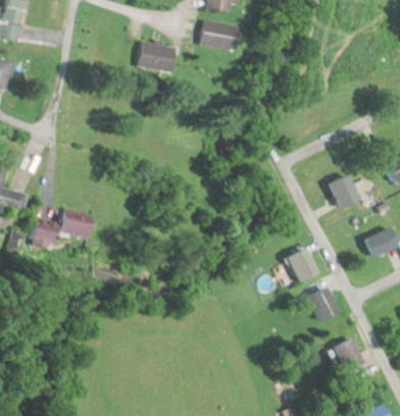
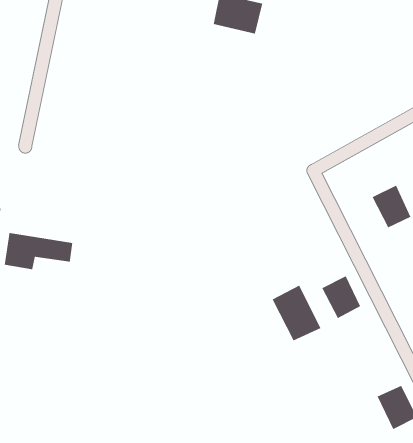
building: [138,42,177,73] -> none
building: none -> [272,285,321,342]
building: [309,288,339,323] -> none

